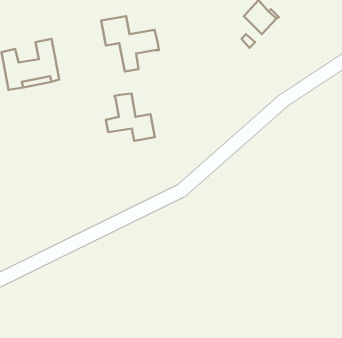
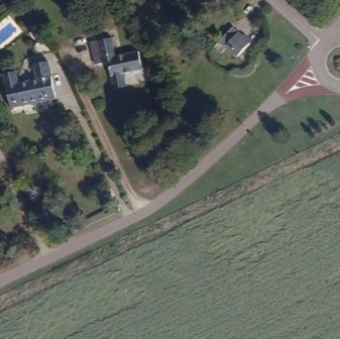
building: [106,94,155,141] -> none

